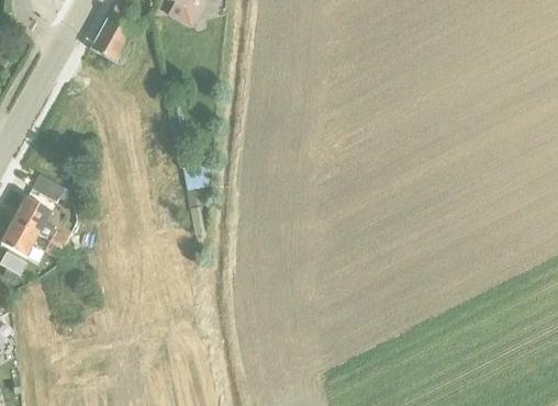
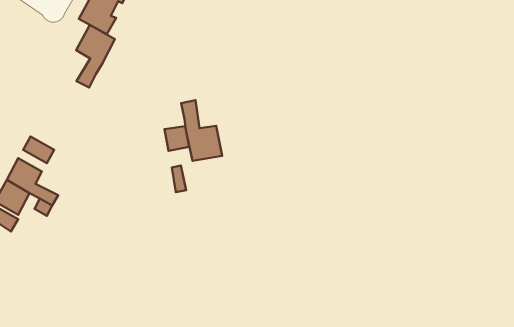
building: none -> [76,25,115,88]
building: none -> [181,100,222,161]

